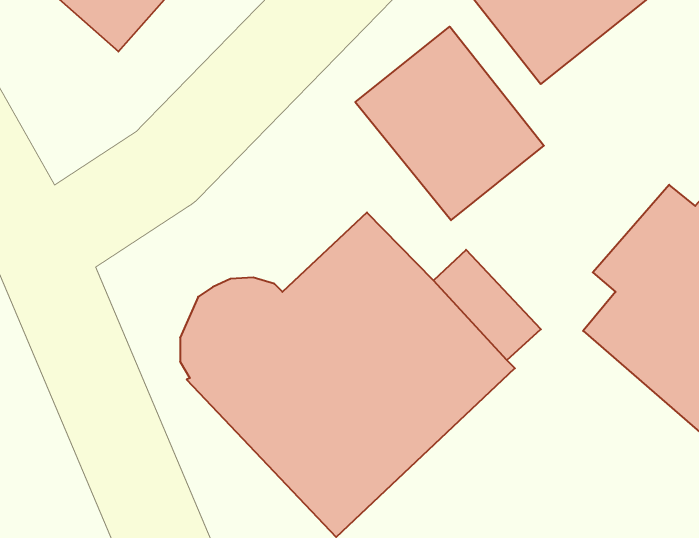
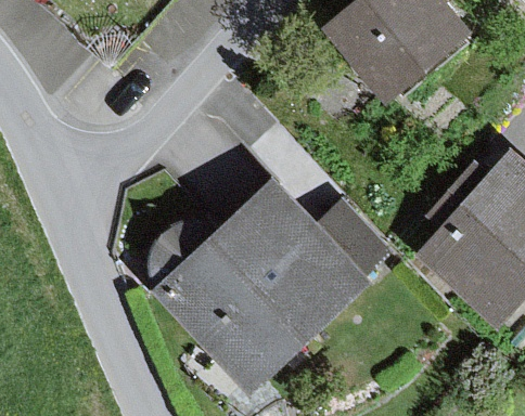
building: [355,27,544,220] -> none

